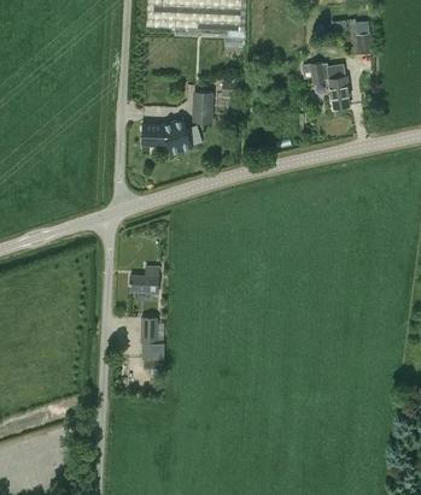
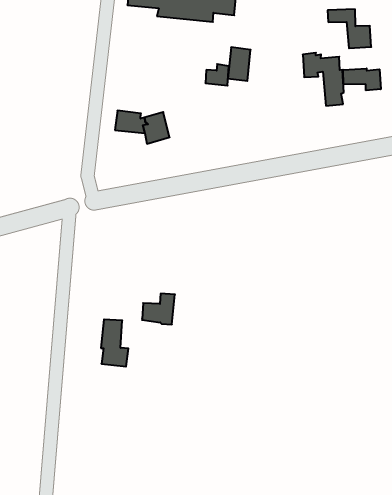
building: none -> [343,68,381,90]
building: [193,93,212,123] -> [228,47,251,81]
building: [130,266,159,294] -> [142,294,175,324]

